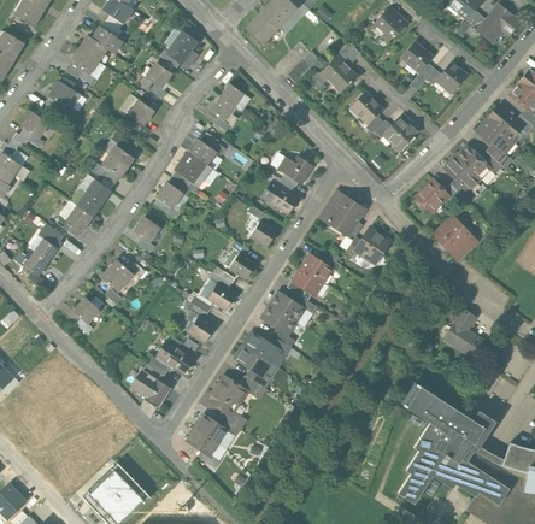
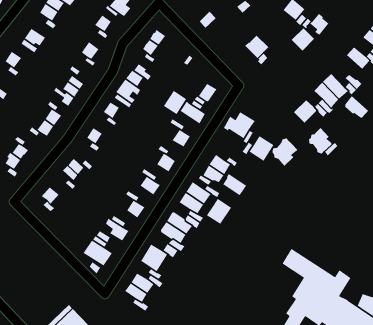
building: [322,57,355,92] -> none
building: [383,116,416,148] -> [291,27,315,51]
building: [478,119,512,152] -> [345,95,369,119]
building: none -> [163,90,187,115]
building: none -> [271,137,300,167]
building: none -> [222,173,247,196]
building: [442,306,483,357] -> none
building: none -> [206,198,232,225]

